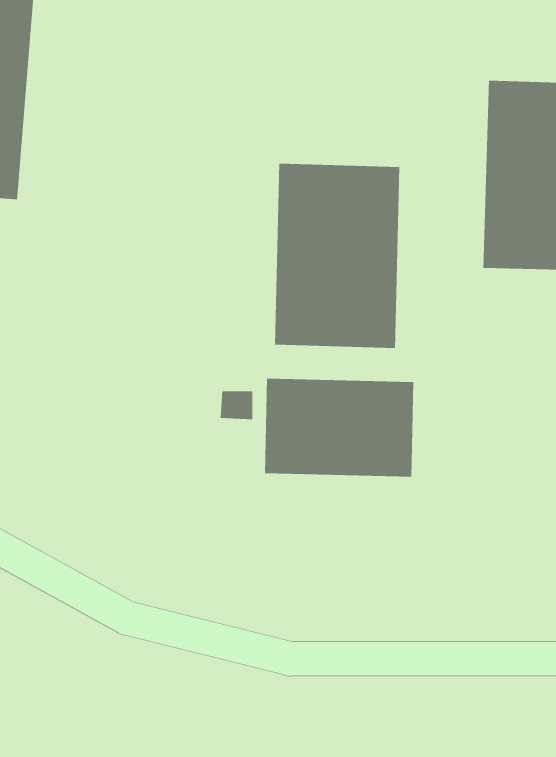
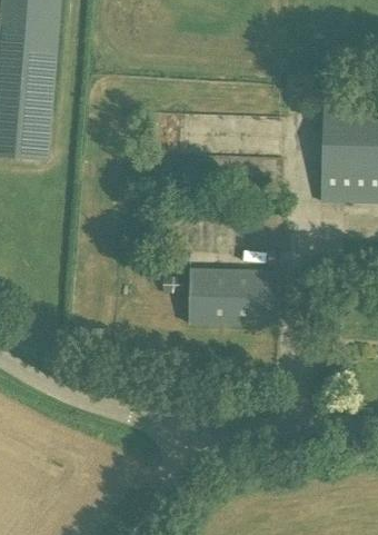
building: [274,163,400,349] -> none

